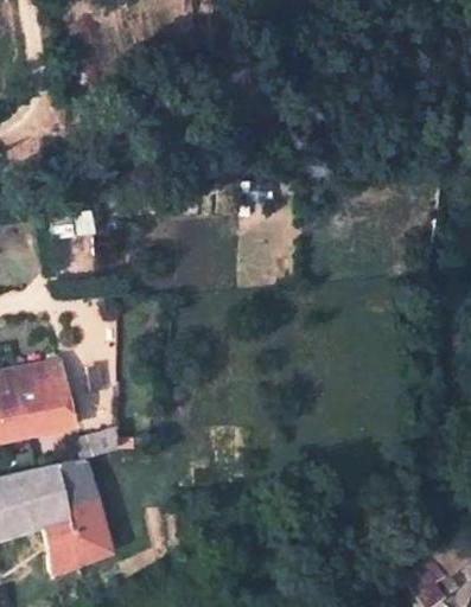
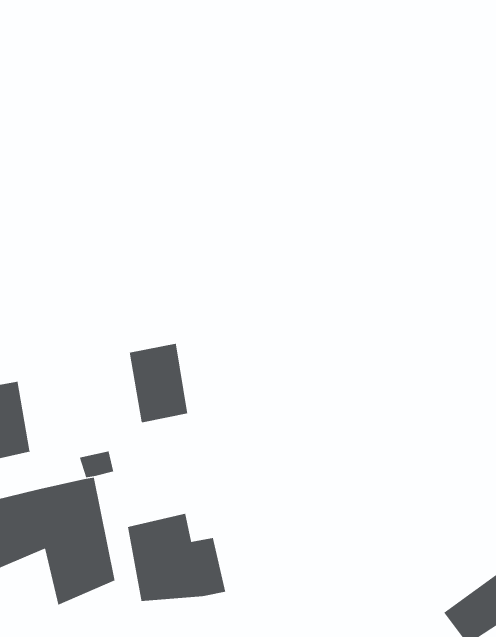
building: [21,363,75,435] -> [129,343,188,423]
building: none -> [127,513,226,602]

